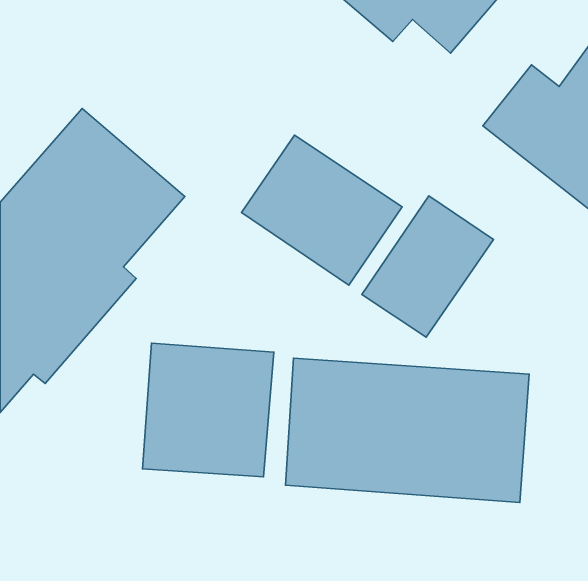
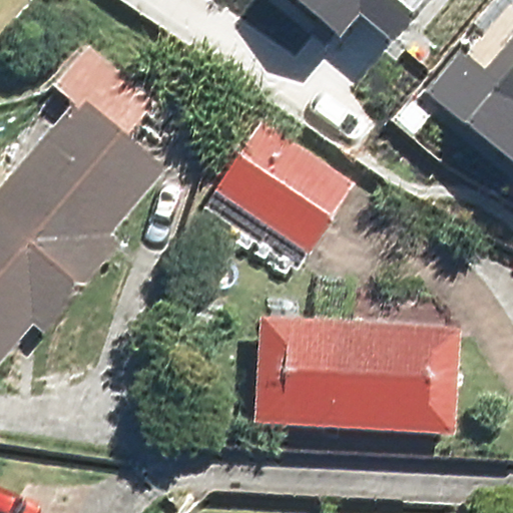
building: [362,196,493,337] -> none
building: [142,343,274,477] -> none

